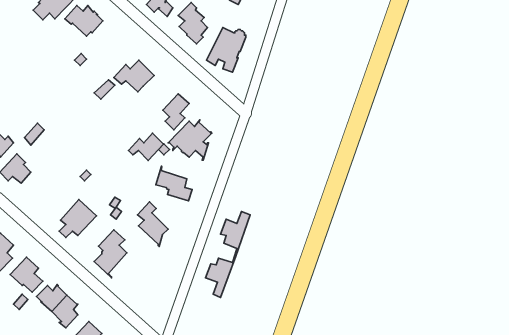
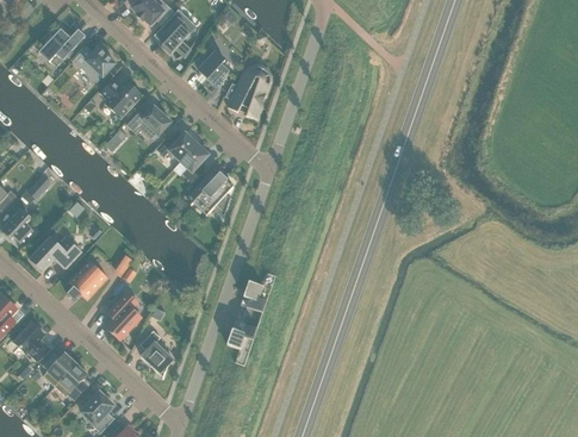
building: none -> [100,79,141,116]
building: [129,133,163,160] -> [159,130,197,160]
building: [156,166,192,201] -> none
building: none -> [30,236,81,269]
building: [138,202,168,246] -> [139,329,173,377]

